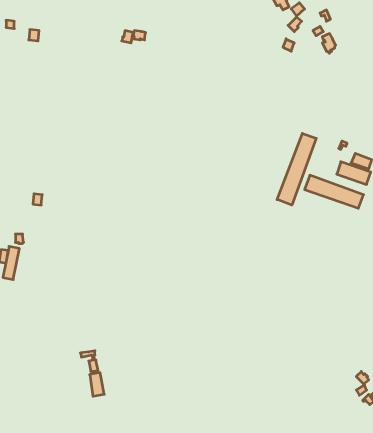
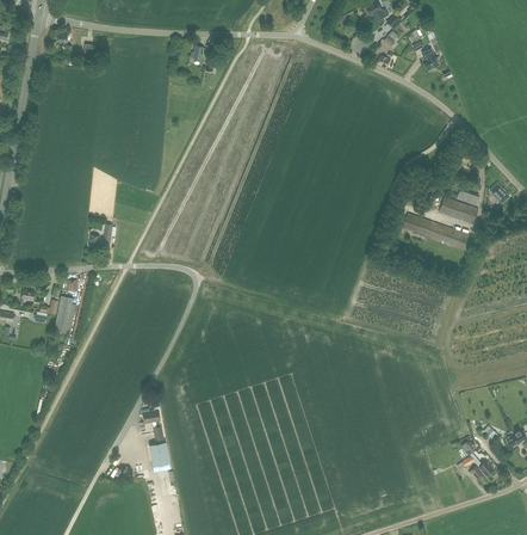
building: [277,133,316,205] -> none

